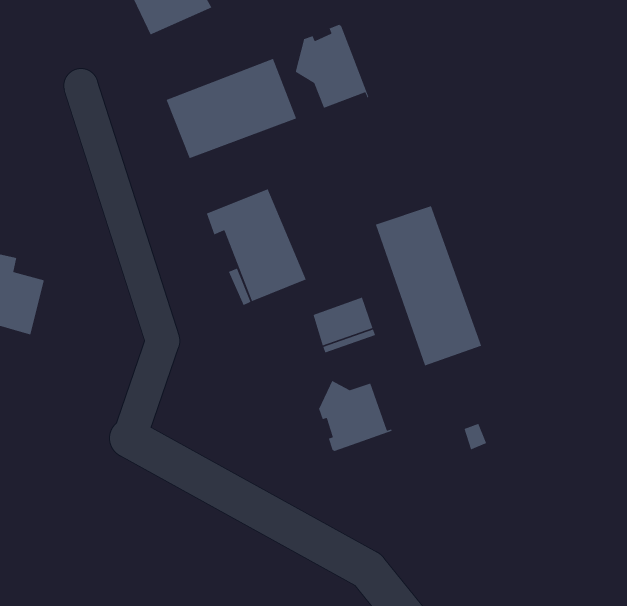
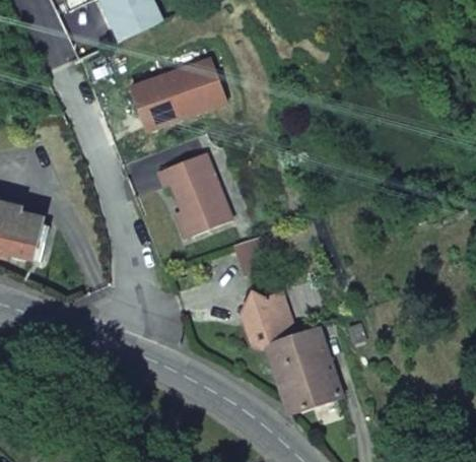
building: [295,24,369,109] -> none
building: [375,205,482,366] -> none
building: none -> [254,329,336,411]

